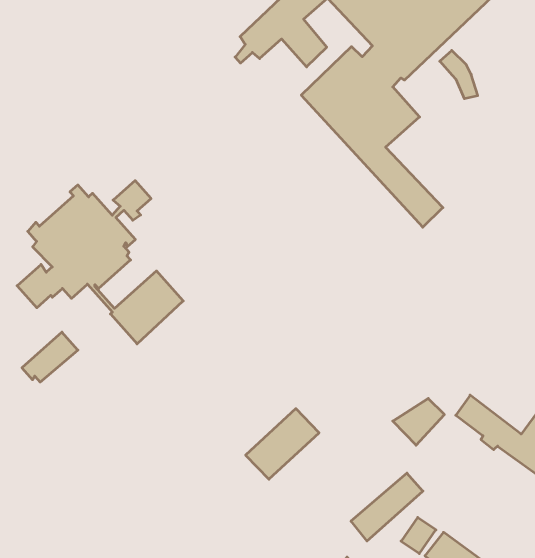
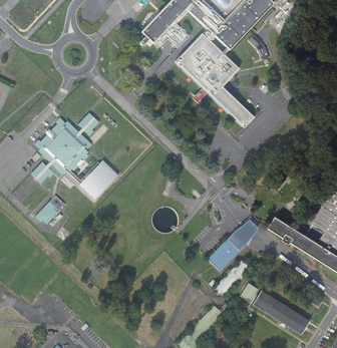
building: [246,409,319,479] -> [209,232,247,270]

